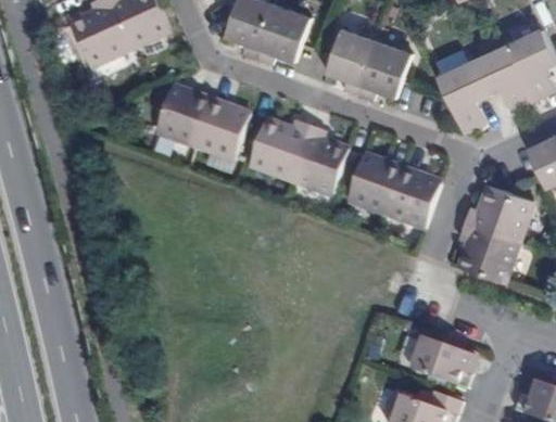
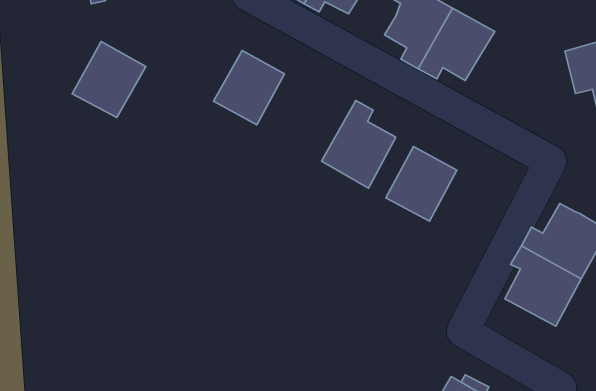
building: [435,61,484,131] -> none
building: [156,89,212,148] -> [72,42,146,117]
building: [248,122,309,181] -> none
building: [384,170,439,229] -> none

